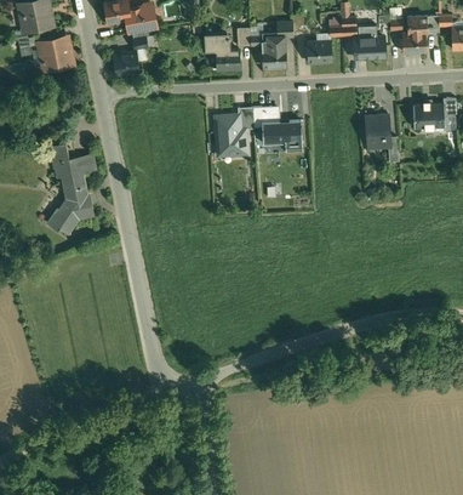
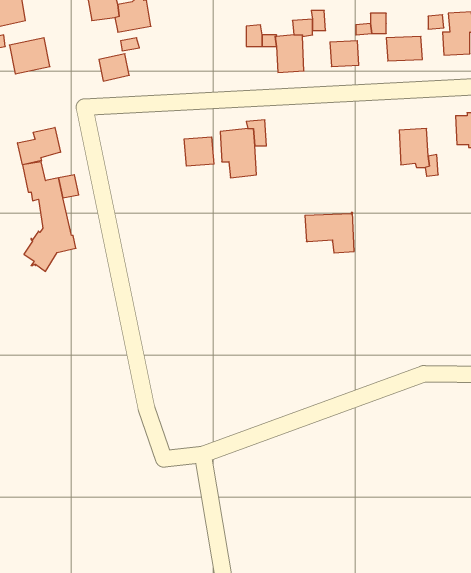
building: [205,35,239,69] -> none
building: none -> [18,127,61,165]
building: [261,119,302,153] -> [305,213,354,253]
building: none -> [184,137,214,166]

